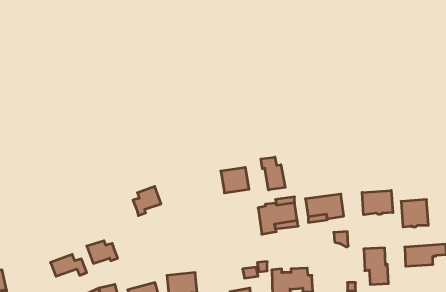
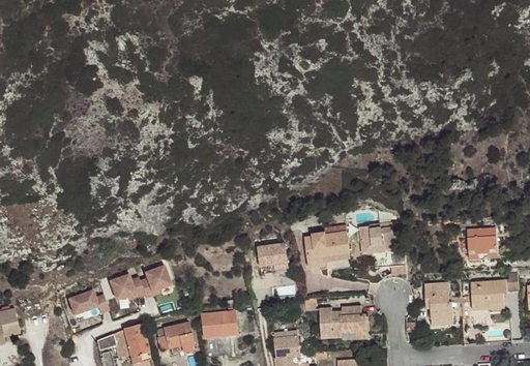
building: [261,157,285,190] -> none
building: [221,167,249,193] -> [257,244,289,273]
building: [133,186,161,216] -> [140,266,172,299]
building: [362,190,393,215] -> none

